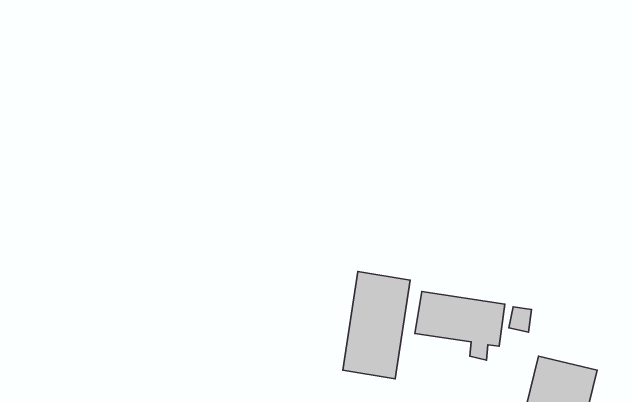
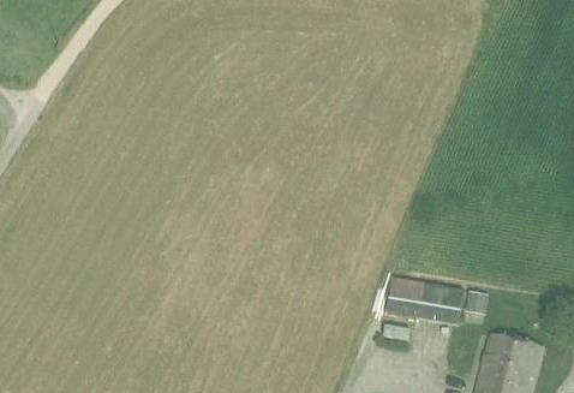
building: [343,272,410,379] -> none

